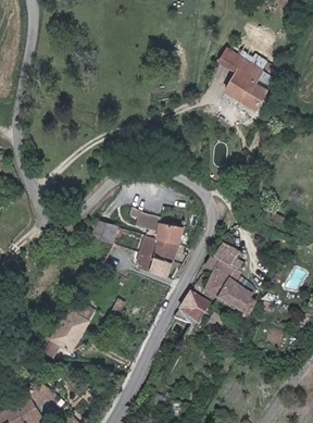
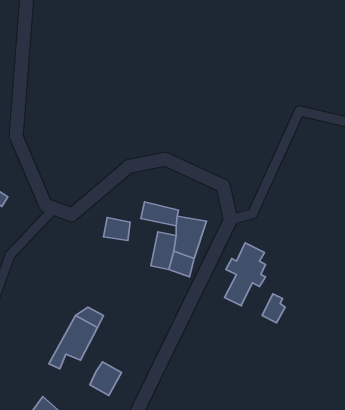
building: [218,50,265,109] -> none
building: [217,279,246,309] -> none
building: [175,290,212,325] -> none
building: none -> [90,362,122,395]

